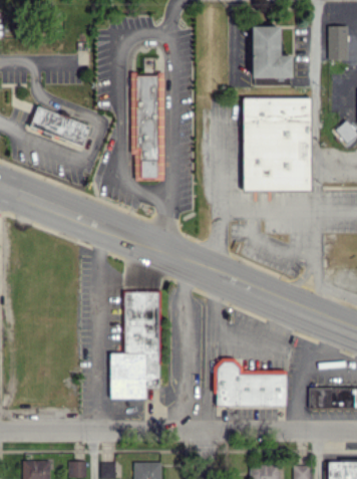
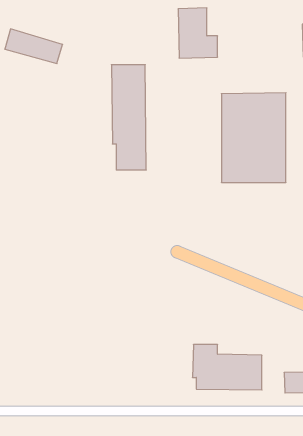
building: [251,26,292,78] -> [178,8,218,58]
building: [30,107,90,144] -> [5,29,63,64]
building: [110,291,159,399] -> none

